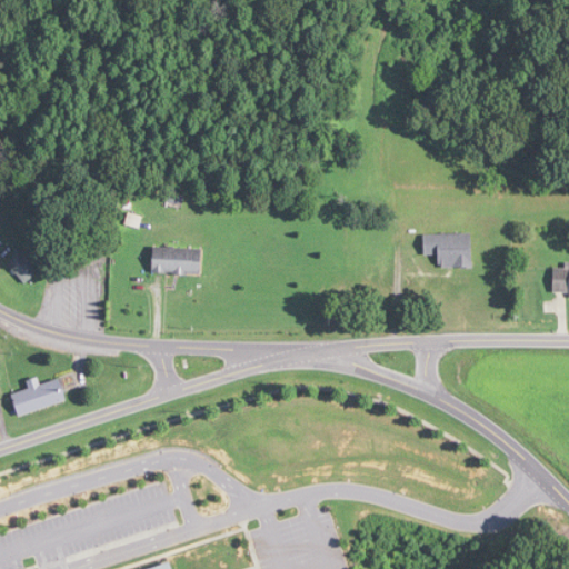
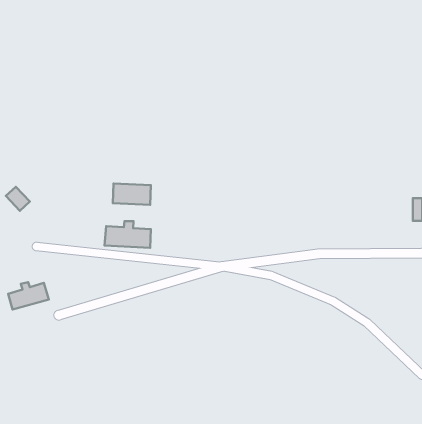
building: [421,233,471,267] -> none
building: none -> [105,221,151,248]

